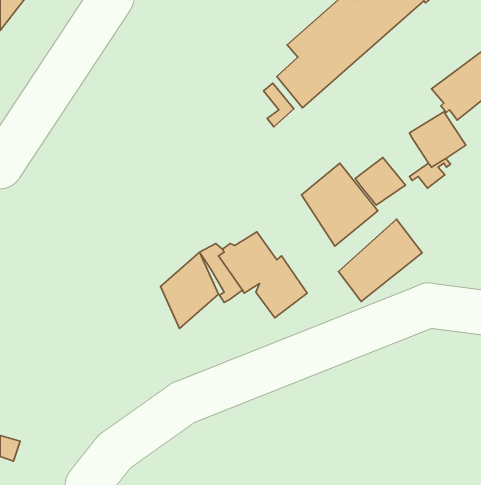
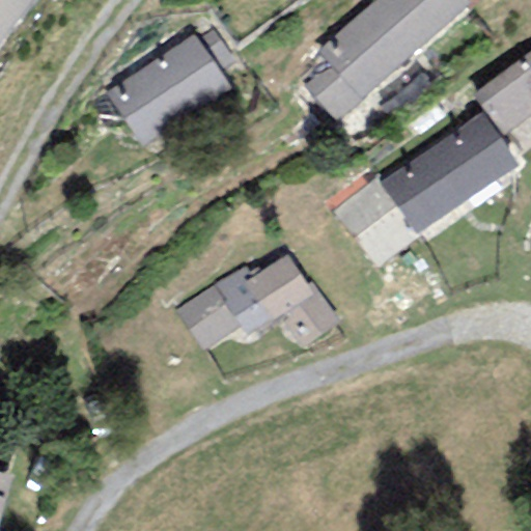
building: none -> [113,25,225,140]
building: [339,219,422,302] -> none

